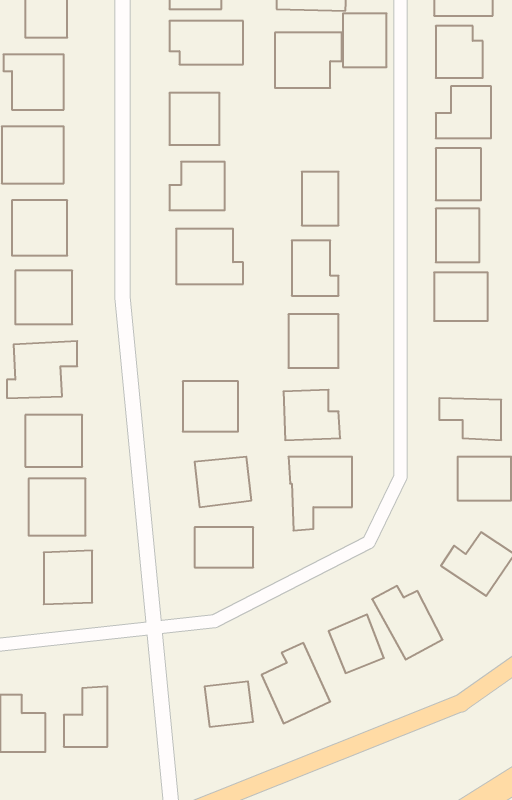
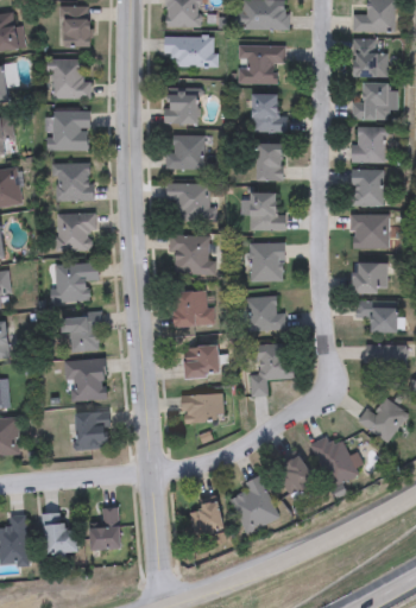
building: [343,13,387,67] -> [252,93,283,131]
building: none -> [168,234,216,276]
building: none -> [355,262,389,293]

